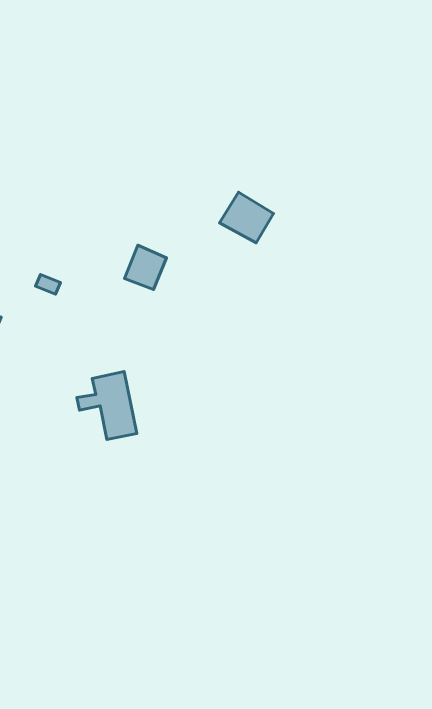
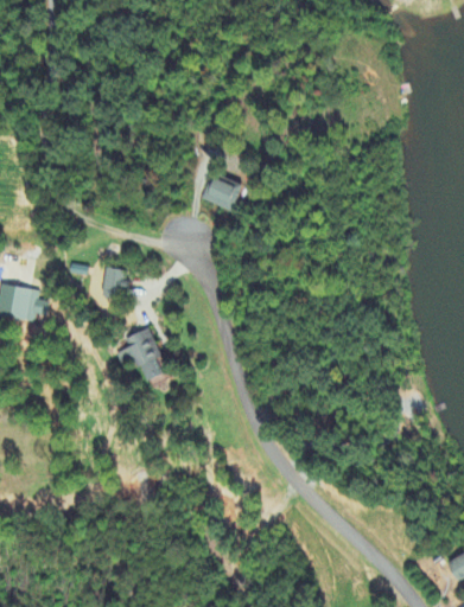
building: [125,245,166,289] -> [100,266,129,298]

